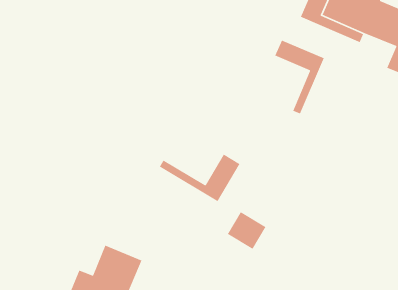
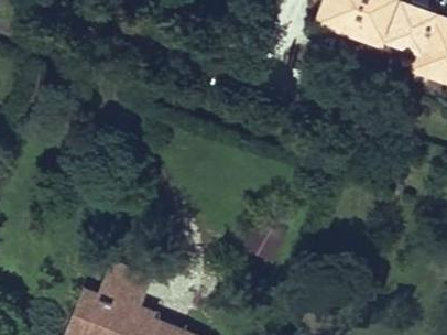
building: [274,40,325,114] -> none
building: [159,153,240,202] -> none

